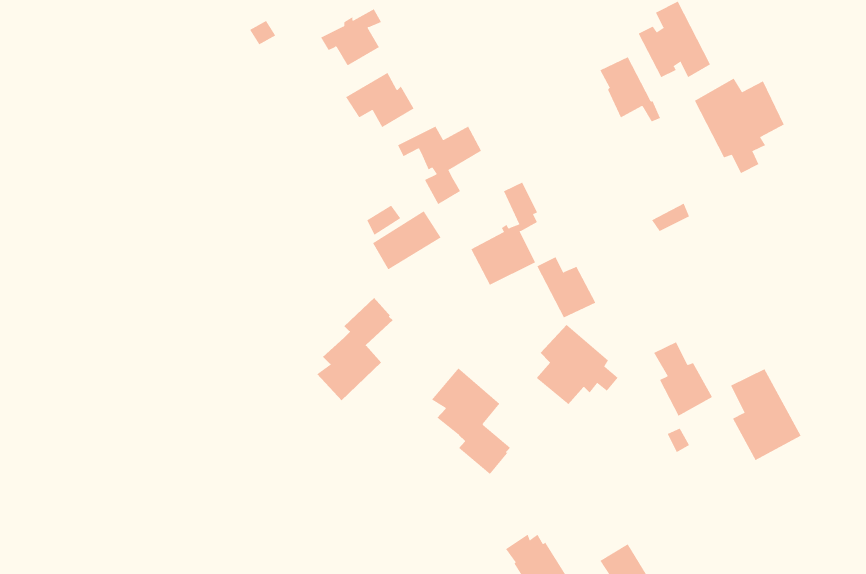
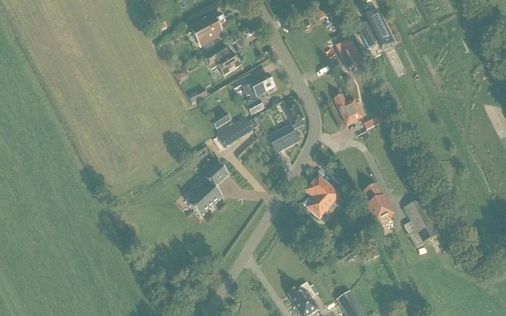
building: [694,78,785,174] -> none
building: [537,257,596,318] -> [332,92,363,124]
building: [431,367,511,475] -> none

